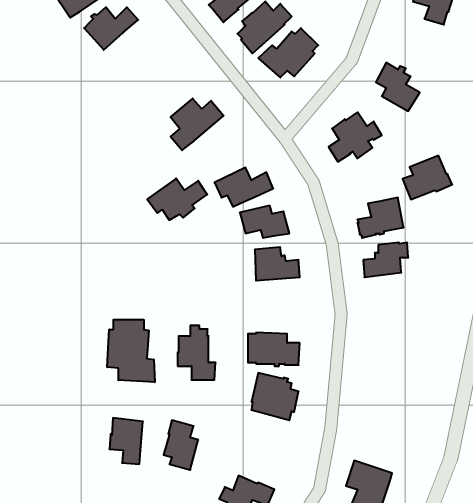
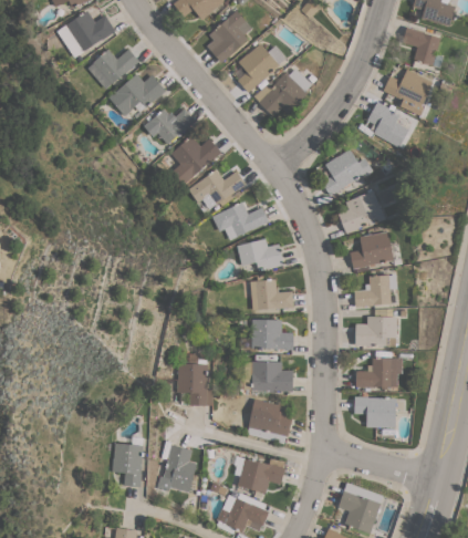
building: none -> [384,70,434,108]
building: none -> [108,74,166,116]
building: none -> [144,110,196,144]
building: [403,156,452,199] -> [339,192,386,234]
building: [147,178,207,220] -> [188,169,246,209]
building: none -> [355,317,397,346]
building: none -> [252,320,293,350]
building: [107,320,155,382] -> none
building: none -> [356,358,403,390]
building: none -> [354,396,396,428]
building: none -> [238,458,285,494]

